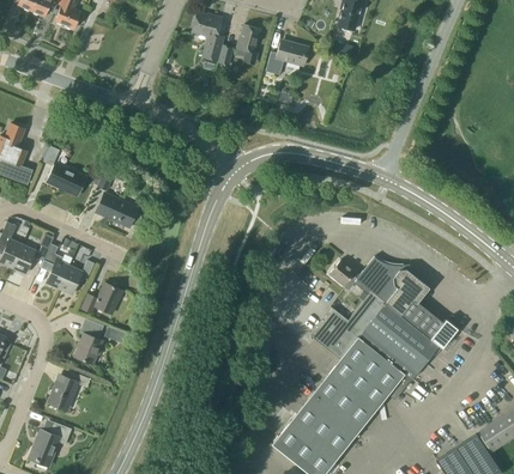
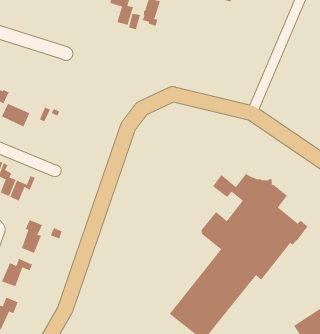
building: [265,40,306,74] -> none
building: [97,194,140,226] -> none
building: [81,282,123,314] -> none

